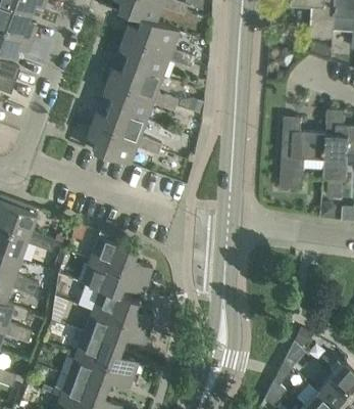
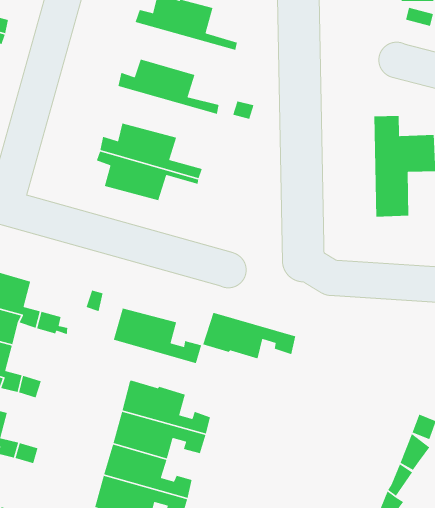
building: [119,38,191,78] -> none
building: [103,82,174,121] -> none
building: [80,260,146,296] -> [202,312,296,359]

